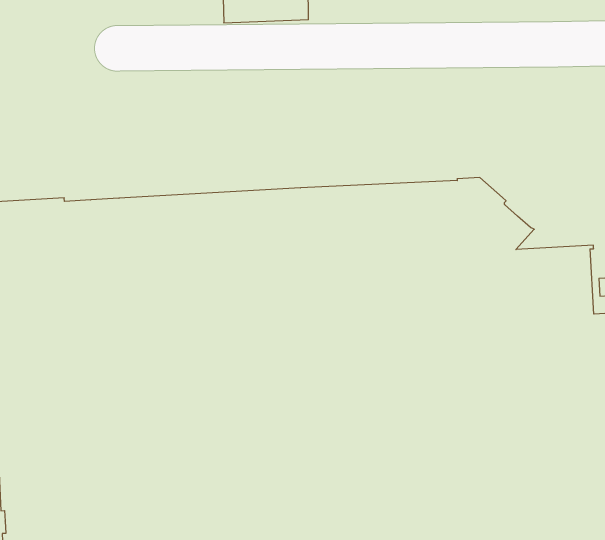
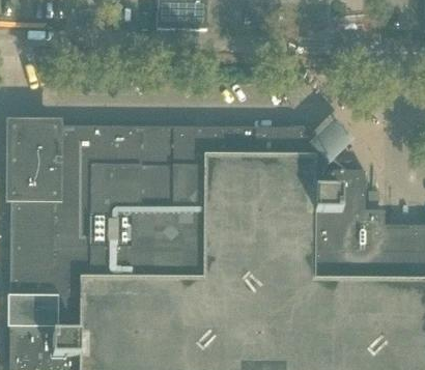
building: none -> [316,123,348,156]

